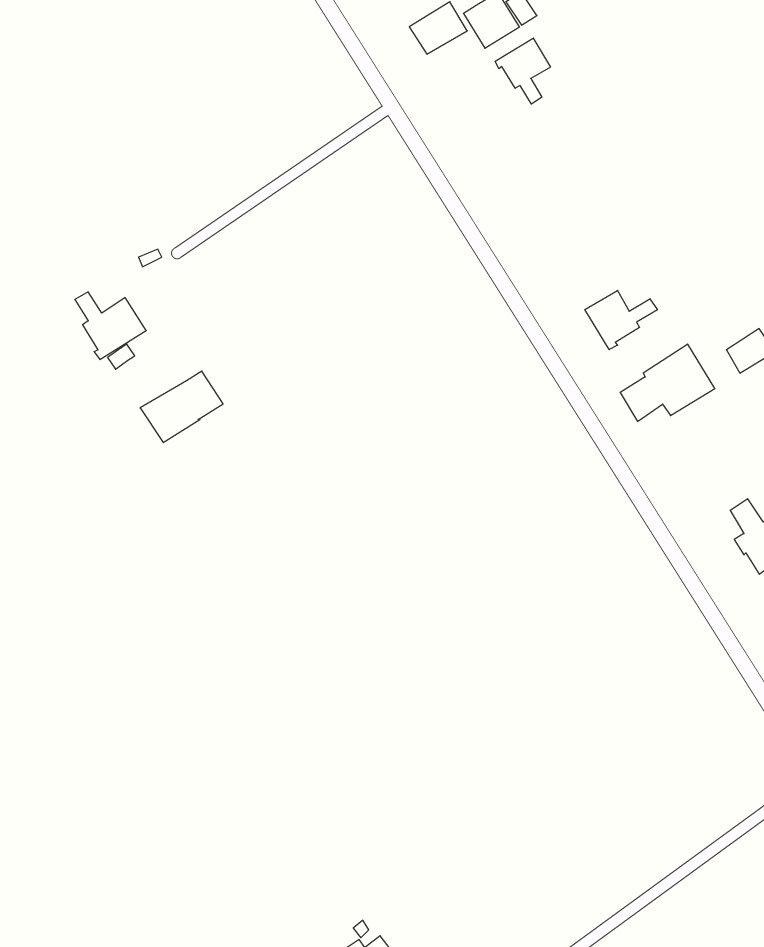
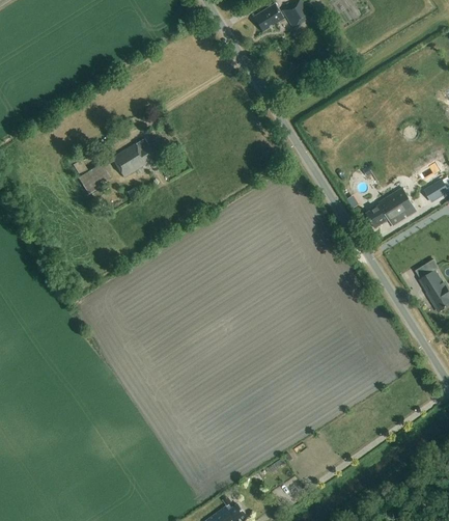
building: [495,38,550,104] -> none
building: [585,290,657,350] -> none
building: [140,371,223,443] -> [112,138,157,176]

